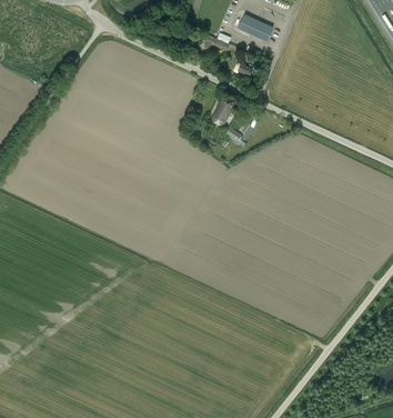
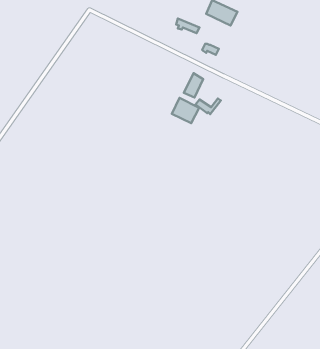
building: none -> [172,98,199,123]

